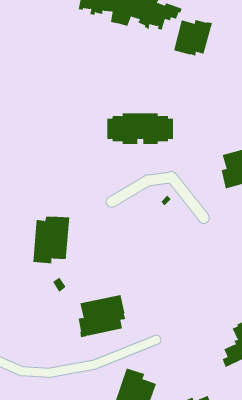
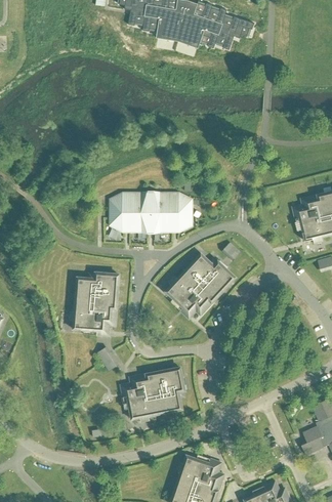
building: [174,19,213,56] -> none
building: [107,113,174,144] -> [111,193,192,231]
building: none -> [167,253,236,313]

